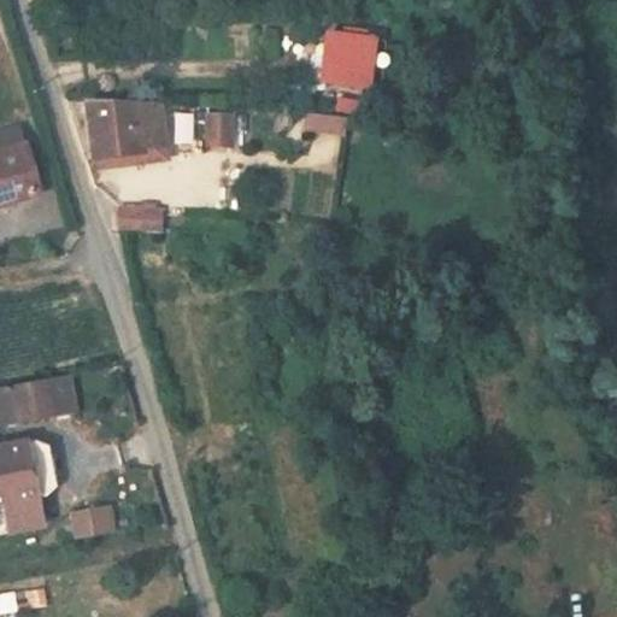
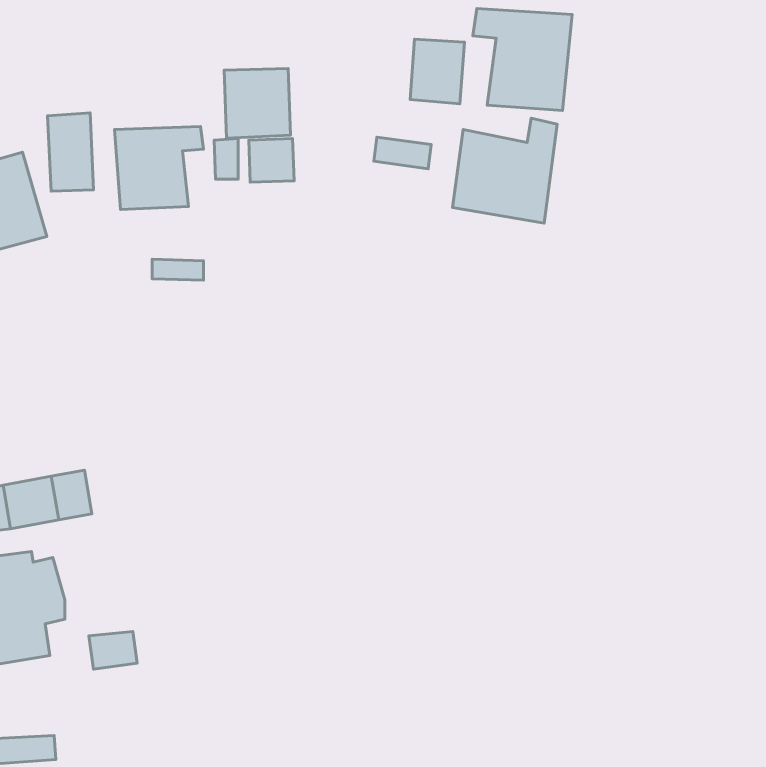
building: none -> [473,9,572,111]
building: none -> [224,68,291,138]
building: none -> [48,113,94,191]
building: none -> [452,118,557,223]

